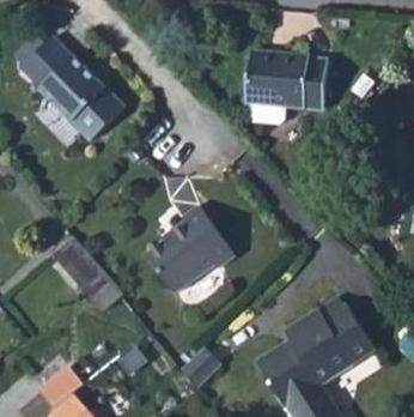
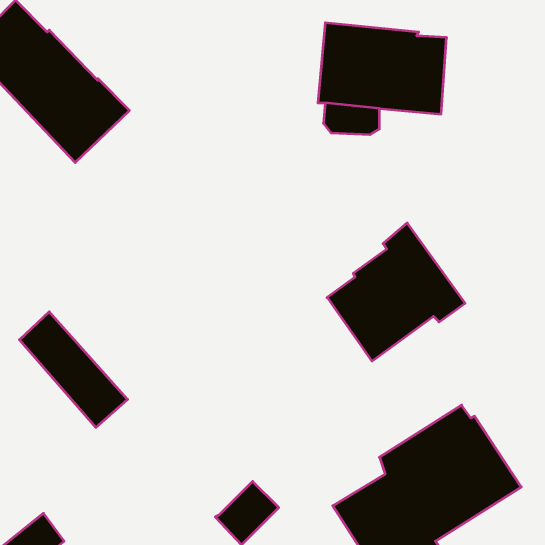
building: [146,204,235,292] -> [327,223,465,361]

